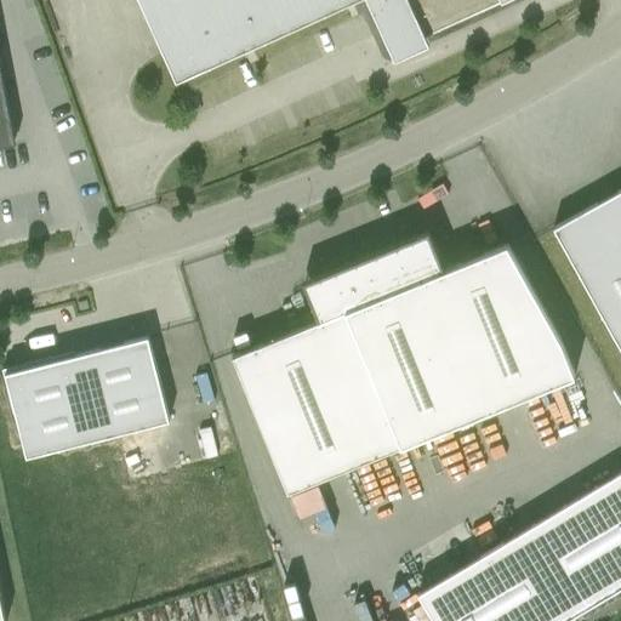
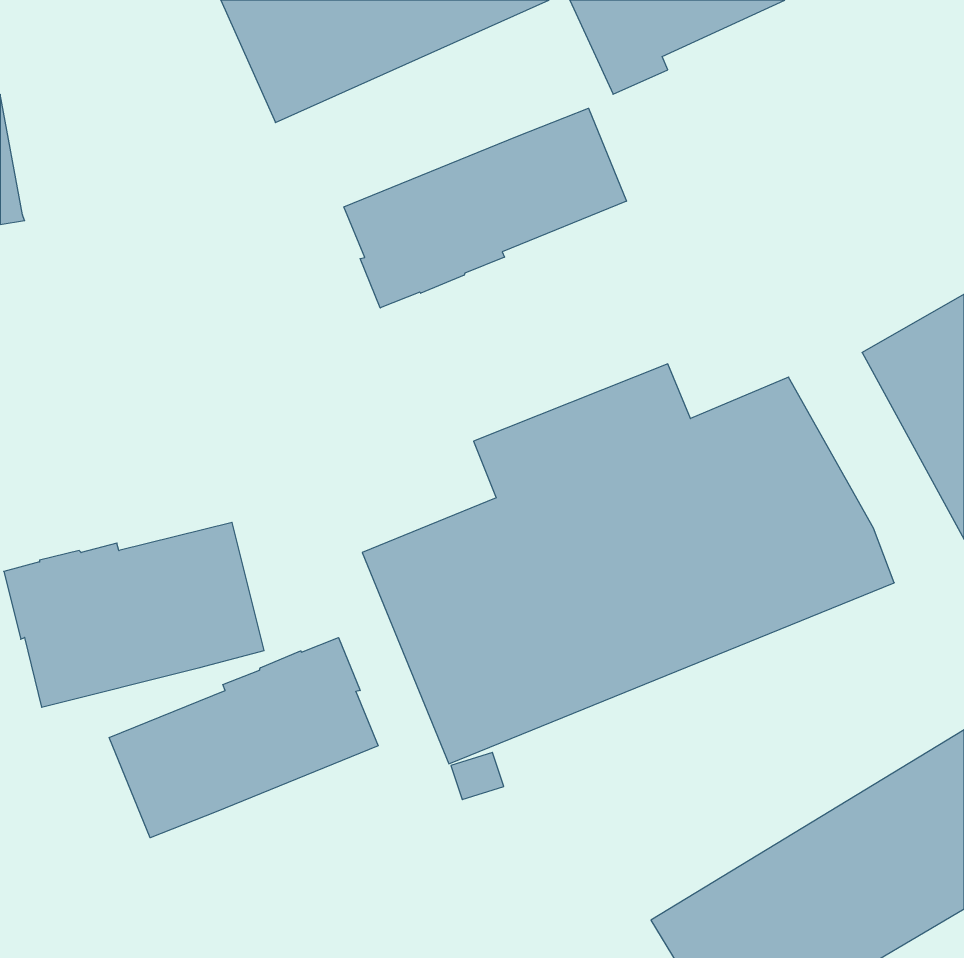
building: none -> [344,108,626,308]
building: none -> [109,638,378,838]

